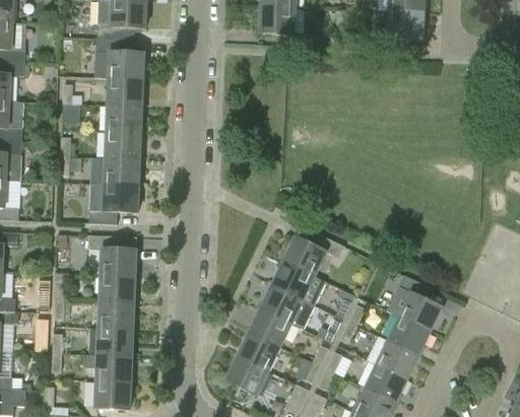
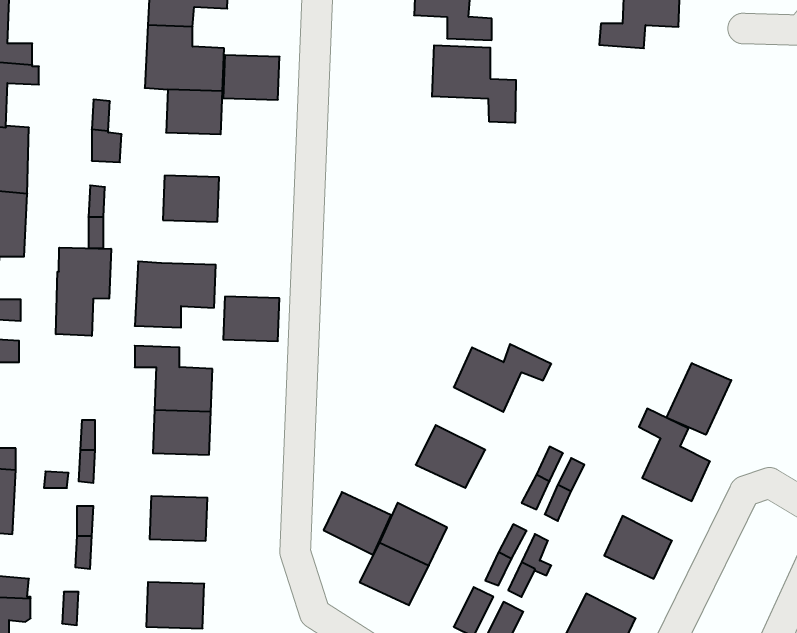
building: none -> [432,45,516,123]
building: [107,103,141,131] -> [223,55,280,100]
building: [105,157,139,185] -> [223,297,279,341]
building: none -> [56,248,111,336]
building: none -> [666,363,731,435]
building: [273,260,315,298] -> none
building: [99,300,134,328] -> none
building: [250,307,291,346] -> [324,492,391,555]
building: [388,316,431,354] -> none
building: [85,353,132,380] -> none
building: [366,363,407,402] -> none

